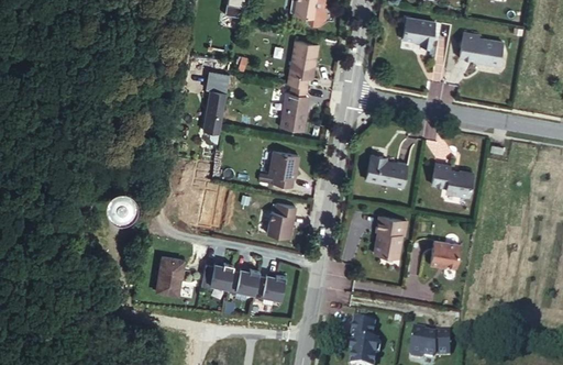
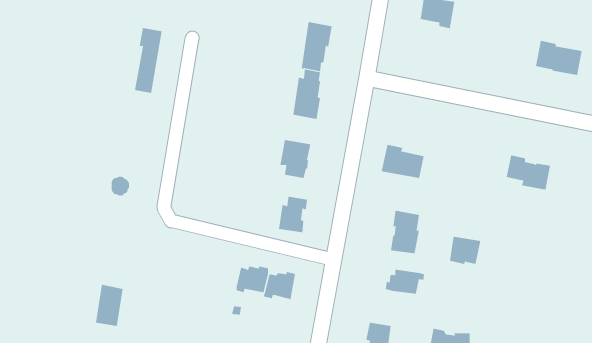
building: [456,33,500,66] -> [535,40,582,76]
building: [203,73,230,134] -> [134,28,162,94]
building: [429,164,471,197] -> [506,155,551,190]
building: [156,256,183,296] -> [95,284,124,327]
building: [202,263,234,288] -> none
building: none -> [385,269,424,295]

